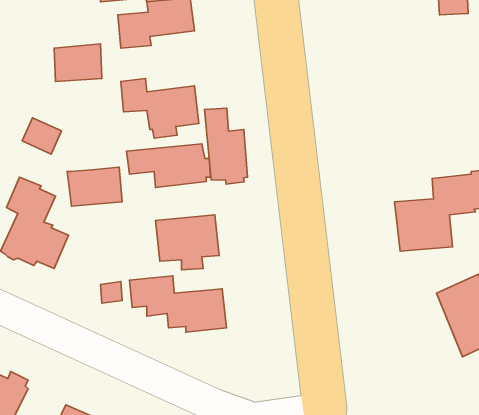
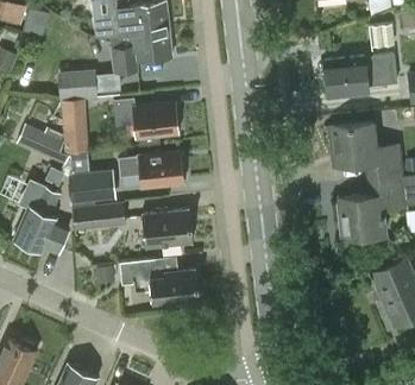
building: none -> [320,52,397,97]
building: none -> [63,99,87,151]
building: [204,108,248,184] -> none
building: none -> [331,122,401,179]
building: none -> [73,201,125,228]

